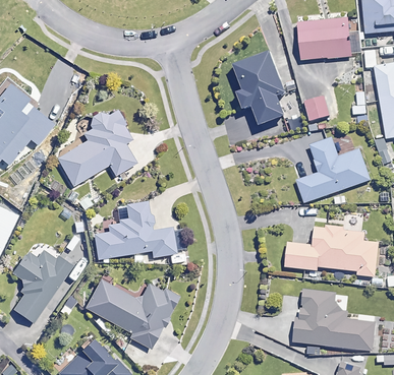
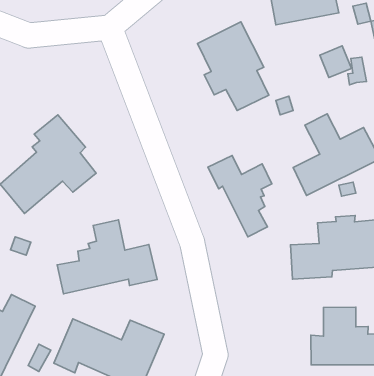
building: [302,95,327,119] -> [320,46,351,77]
building: none -> [208,156,272,237]

